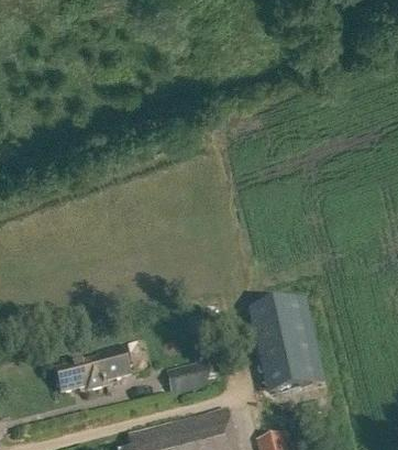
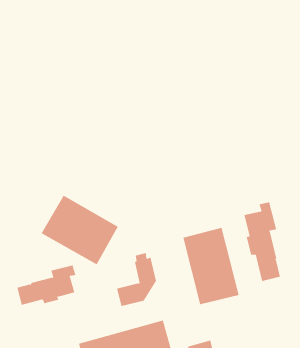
building: none -> [41,195,119,265]
building: none -> [244,201,280,282]

